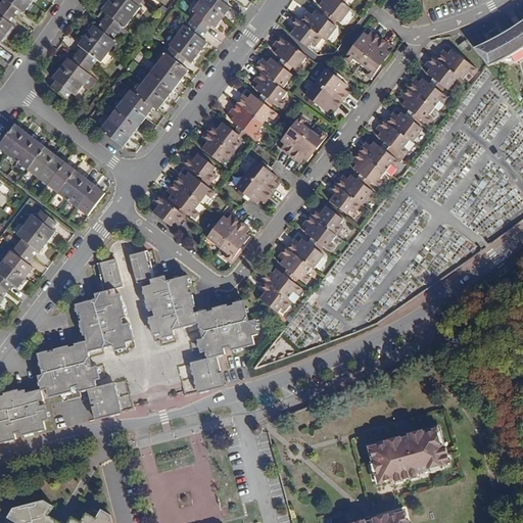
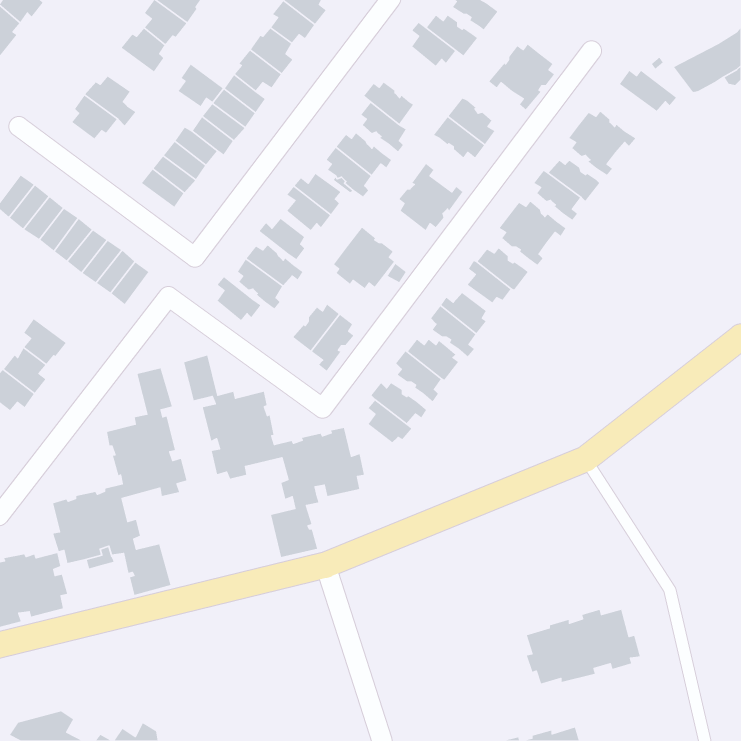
building: [76,34,108,64] -> [177,64,224,107]
building: [272,36,305,69] -> none
building: [424,55,458,89] -> none
building: [23,210,56,241] -> none

